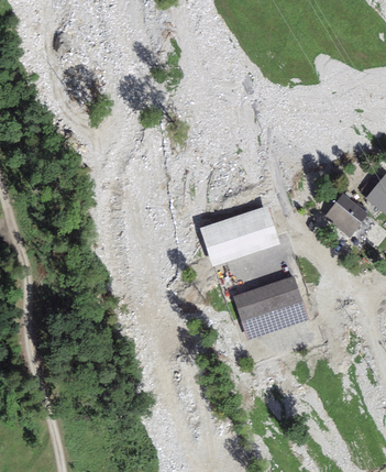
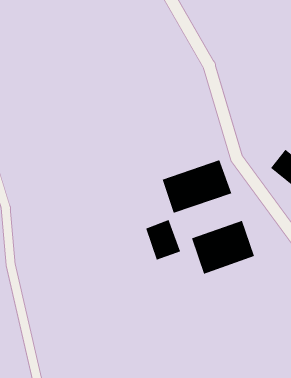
building: none -> [145,219,181,260]

